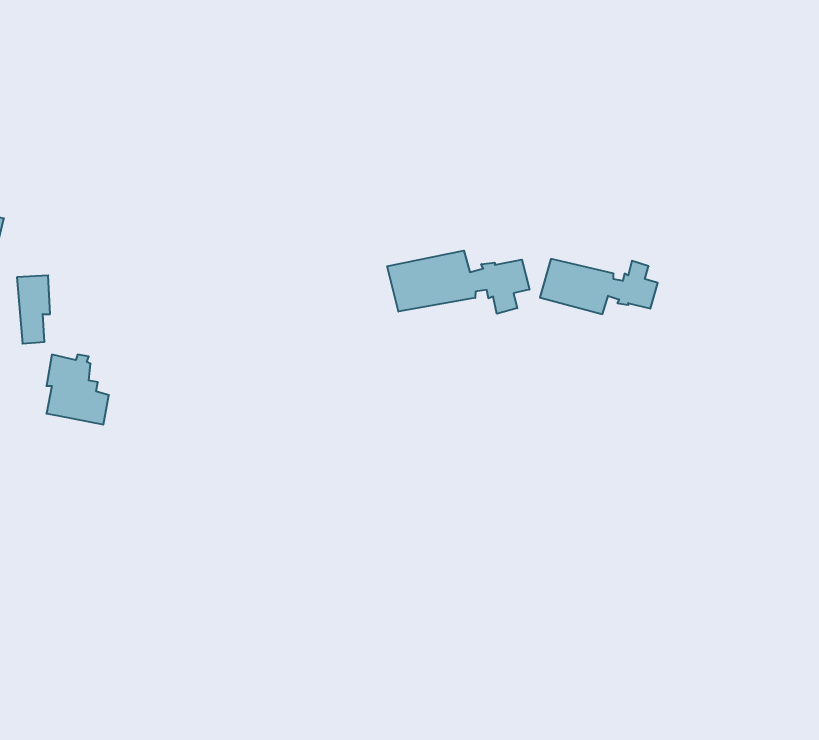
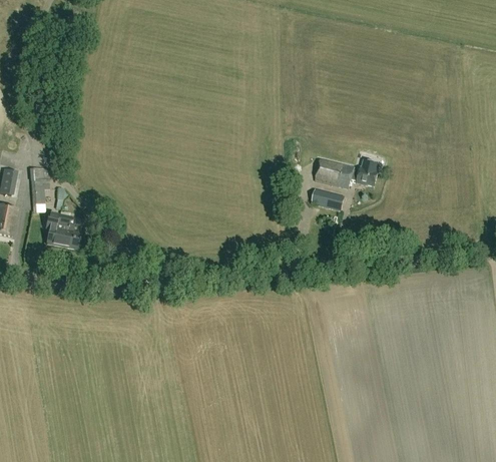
building: [387,251,529,314] -> none
building: none -> [310,186,344,209]

